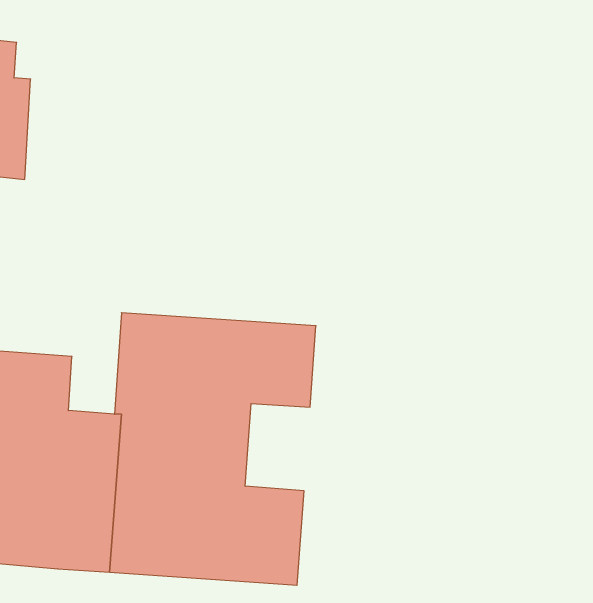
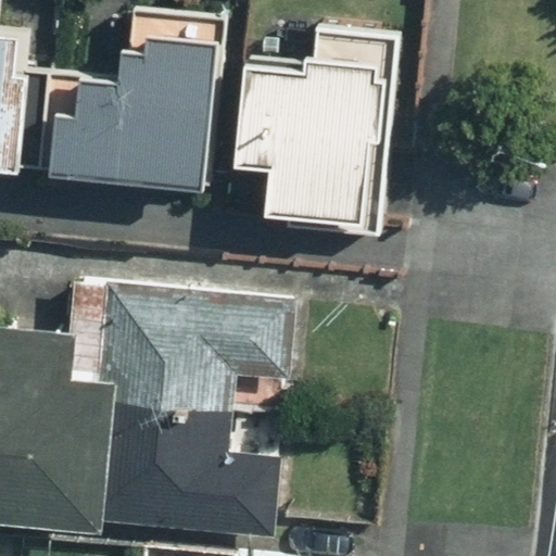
building: none -> [51,43,211,185]
building: none -> [247,67,380,214]

